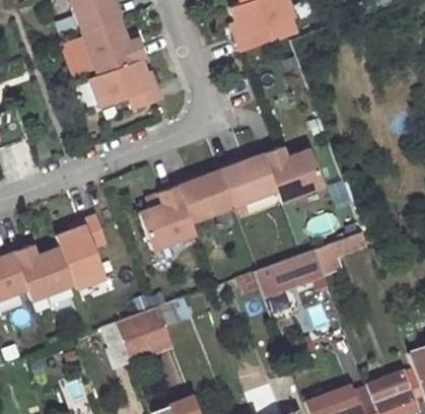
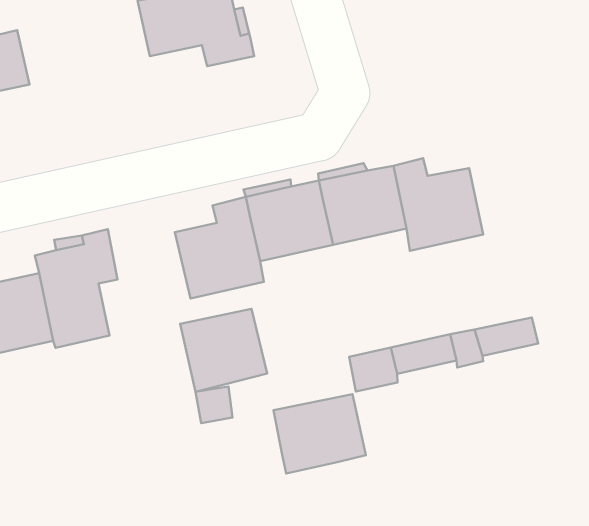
building: none -> [273,394,366,474]
building: [114,308,170,363] -> [180,309,267,392]

